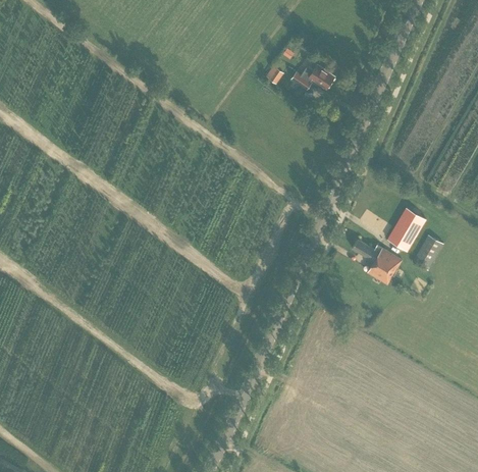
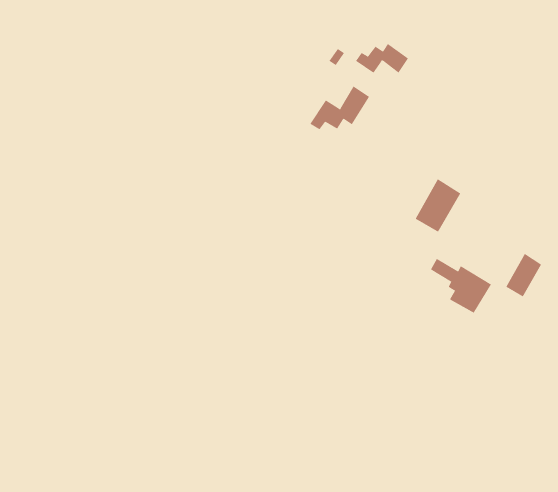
building: none -> [310,85,370,130]
building: [387,208,425,252] -> [415,179,461,233]

